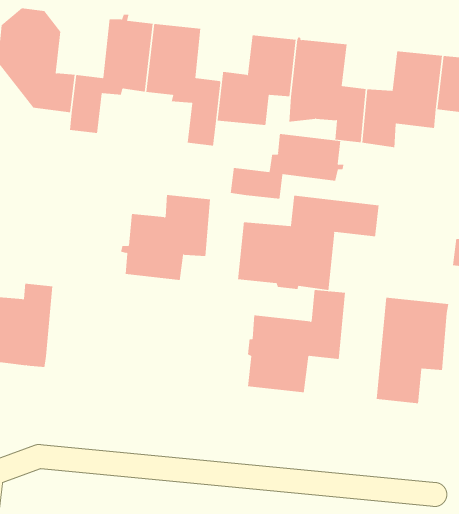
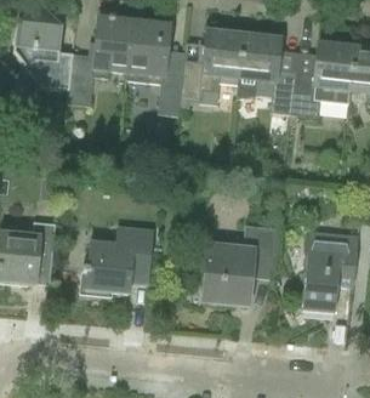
building: [230,133,344,200] -> none
building: [120,195,211,280] -> [82,226,152,291]
building: [238,195,379,291] -> none

